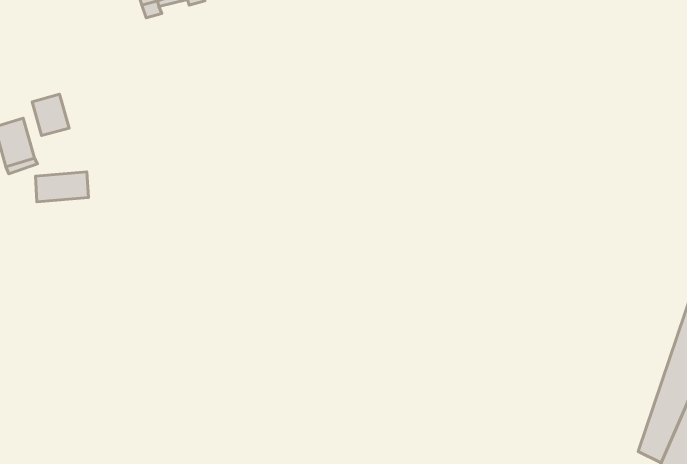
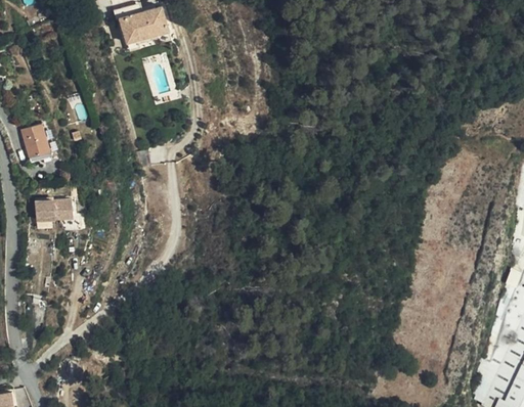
building: [32,94,69,136] -> none
building: [35,172,88,202] -> [32,199,70,221]

